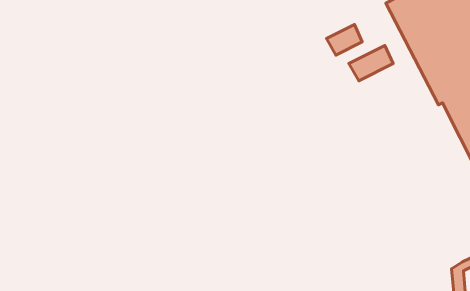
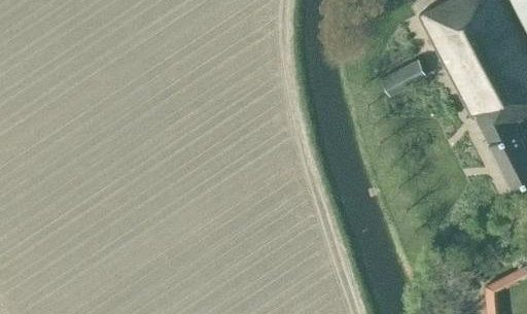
building: [327,24,362,55] -> none

